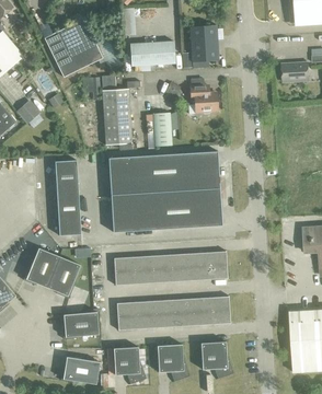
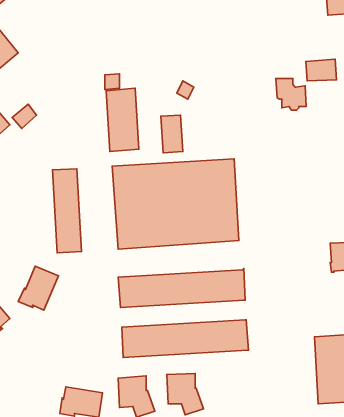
building: [44,18,102,77] -> none
building: [189,24,218,61] -> none
building: [129,40,174,66] -> none
building: [189,85,217,114] -> [276,78,306,110]
building: [46,256,80,298] -> none
building: [61,311,99,338] -> none
building: [200,340,233,378] -> none

